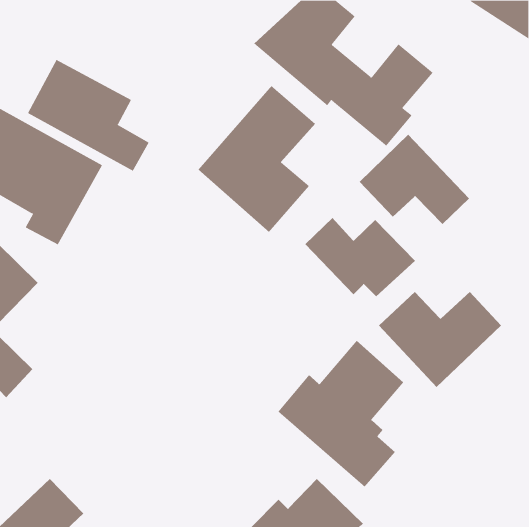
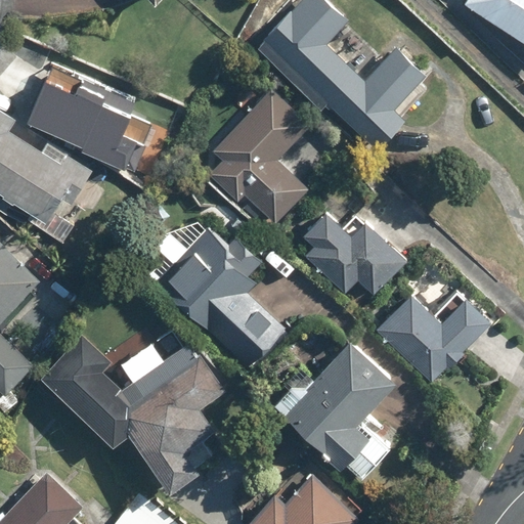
building: [359,134,470,225] -> none
building: none -> [163,239,285,366]
building: none -> [37,334,225,495]

